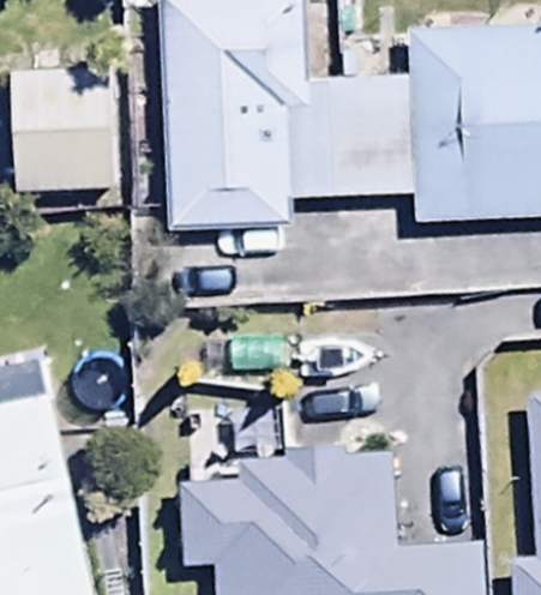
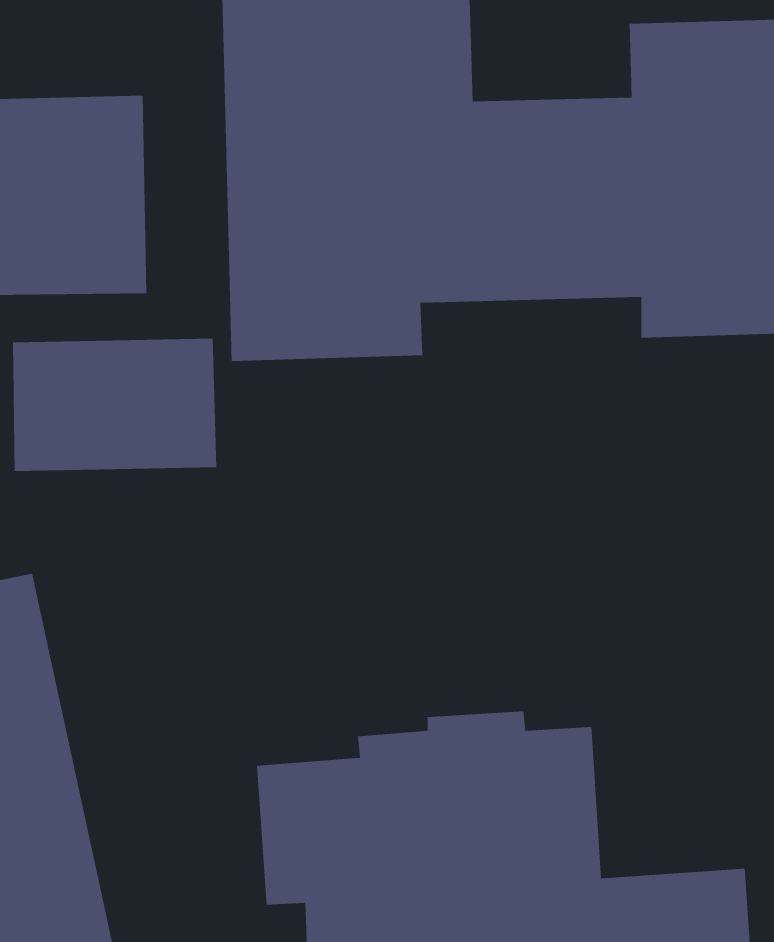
building: none -> [12,338,217,472]

